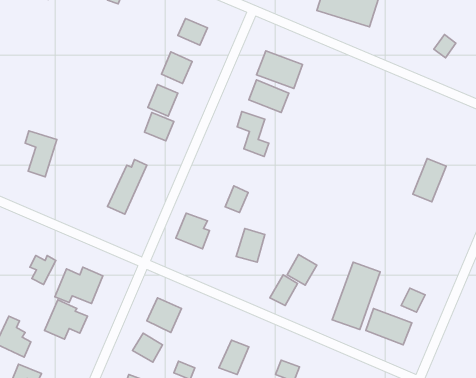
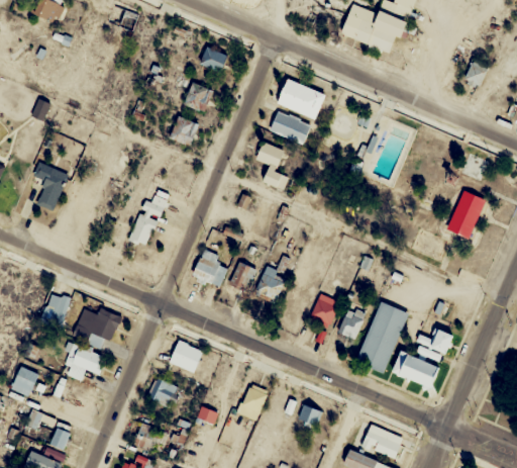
building: [144,112,174,141] -> none
building: [225,186,248,213] -> [230,262,254,290]
building: [270,275,298,305] -> [337,306,367,339]

